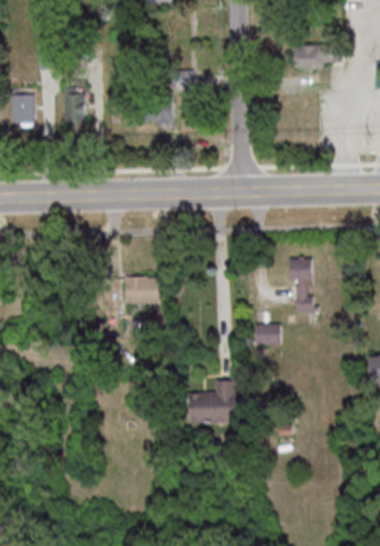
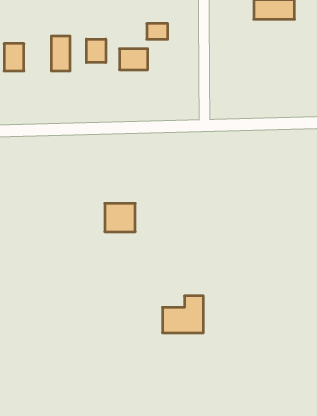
building: none -> [86,39,106,63]
building: [289,258,312,312] -> none
building: [253,323,279,346] -> none

